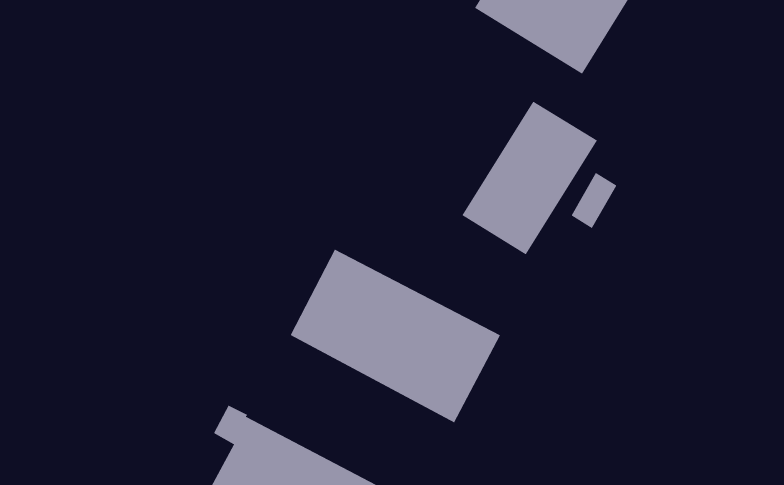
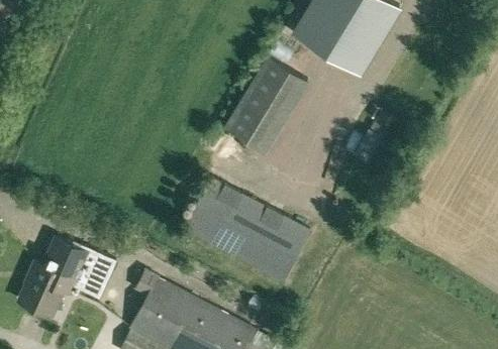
building: [461,101,598,255] -> [224,56,307,150]
building: none -> [20,237,116,315]

